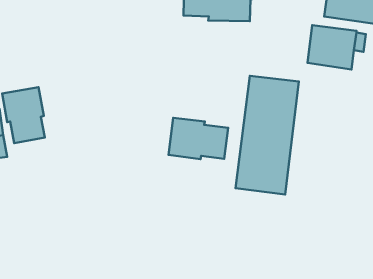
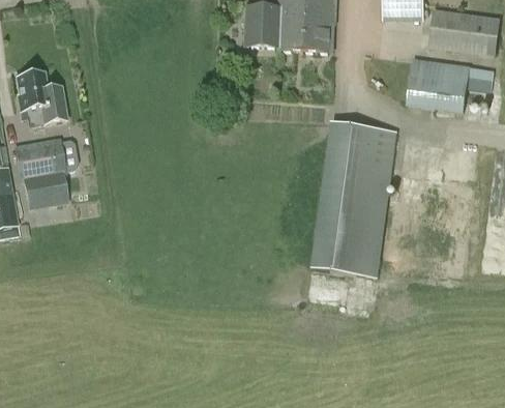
building: none -> [16,68,66,125]
building: [169,118,228,159] -> none

